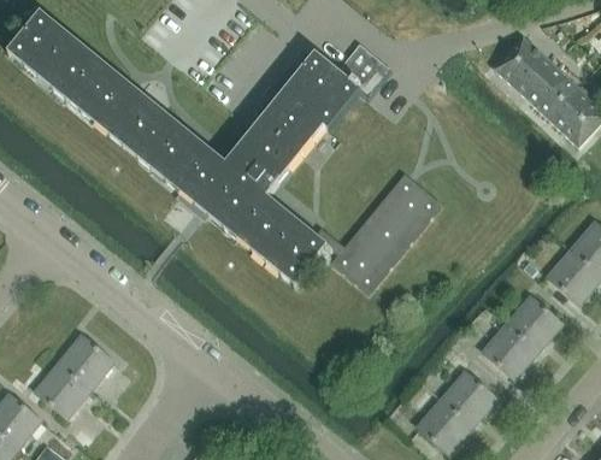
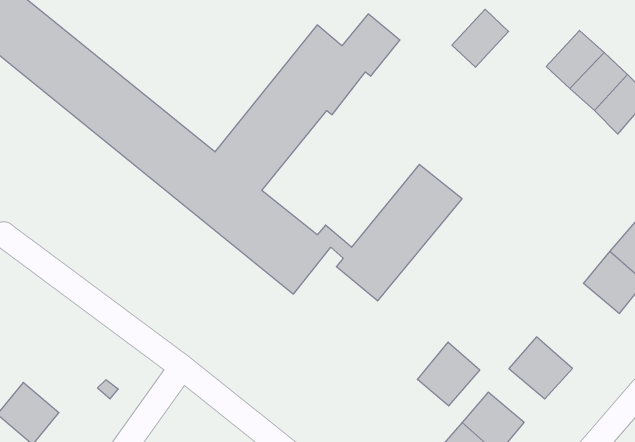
building: [495,36,544,87] -> [452,9,509,67]
building: [507,295,562,350] -> none
building: none -> [417,342,480,406]
building: [59,334,113,389] -> none

